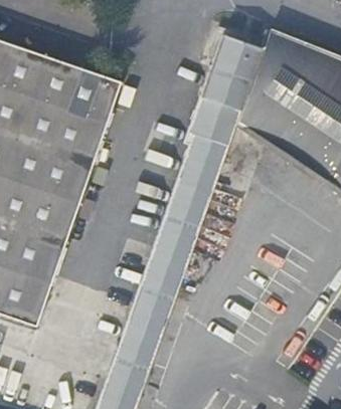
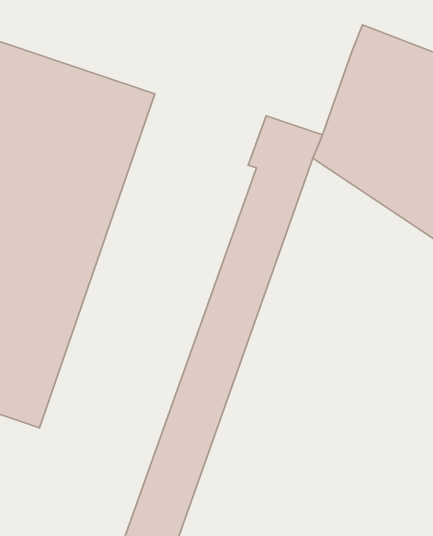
building: [200,27,263,110] -> none

